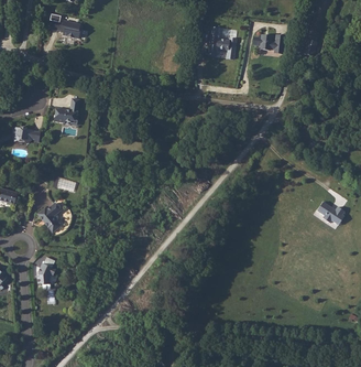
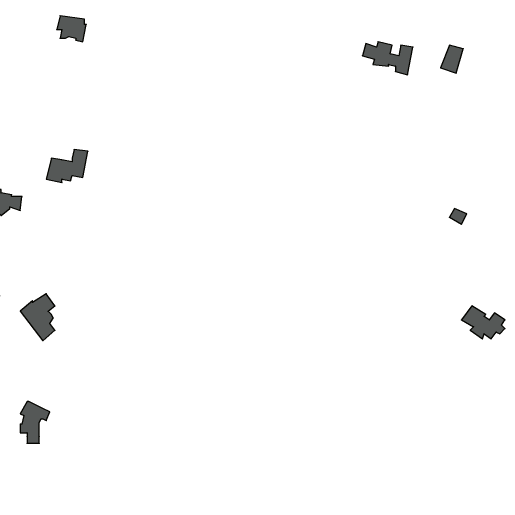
building: [207,28,234,58] -> none

